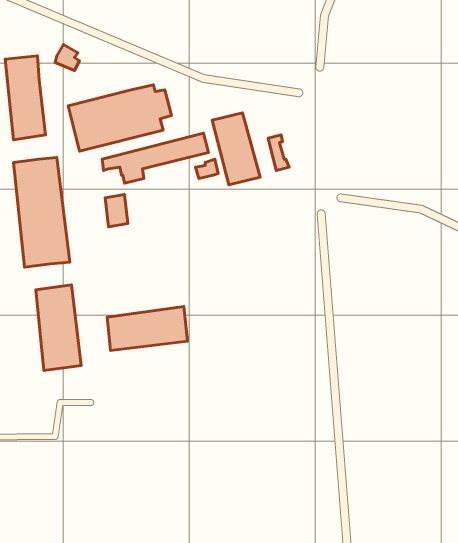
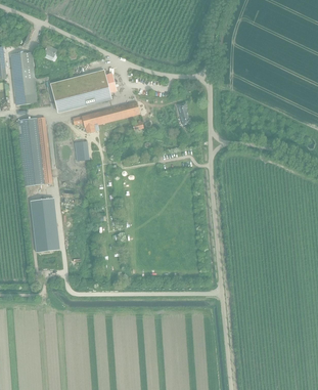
building: [212,113,260,185] -> none
building: [107,306,188,351] -> none

